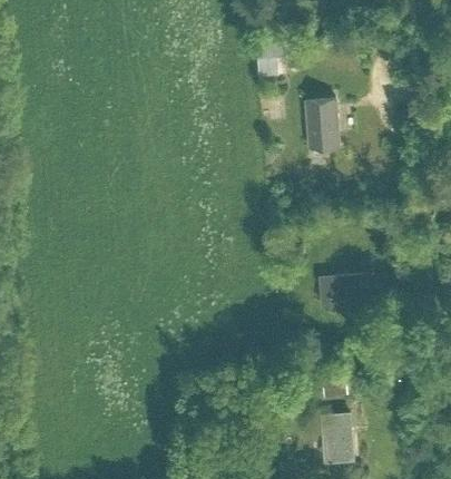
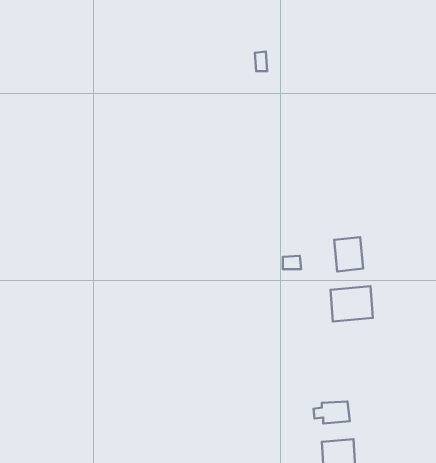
building: [306,99,337,147] -> none
building: none -> [334,237,363,271]

